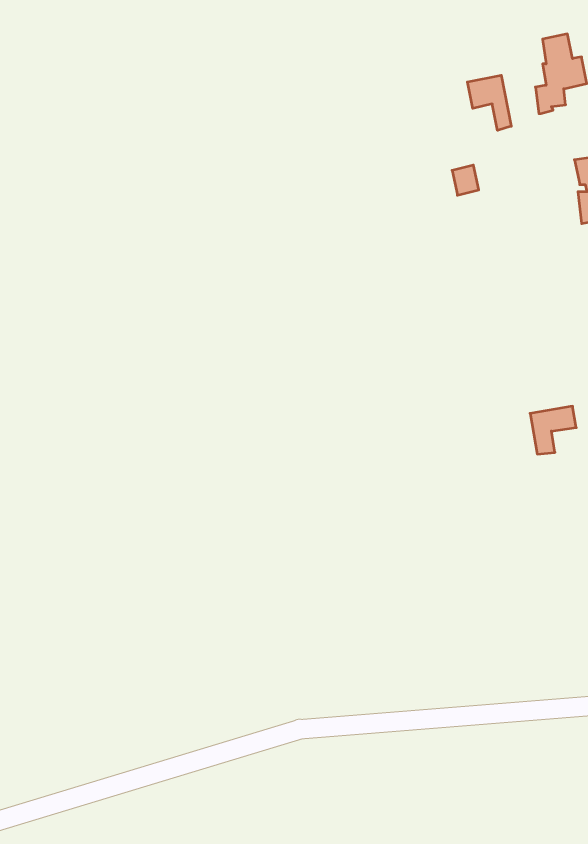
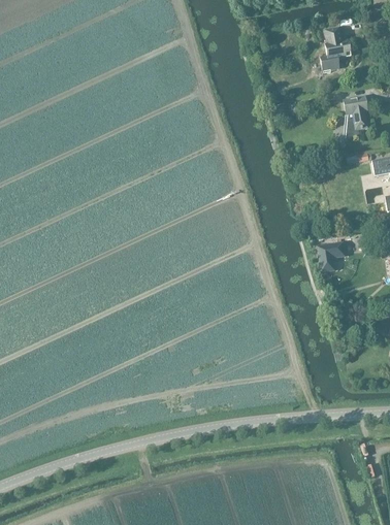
building: [467,75,511,130] -> none

